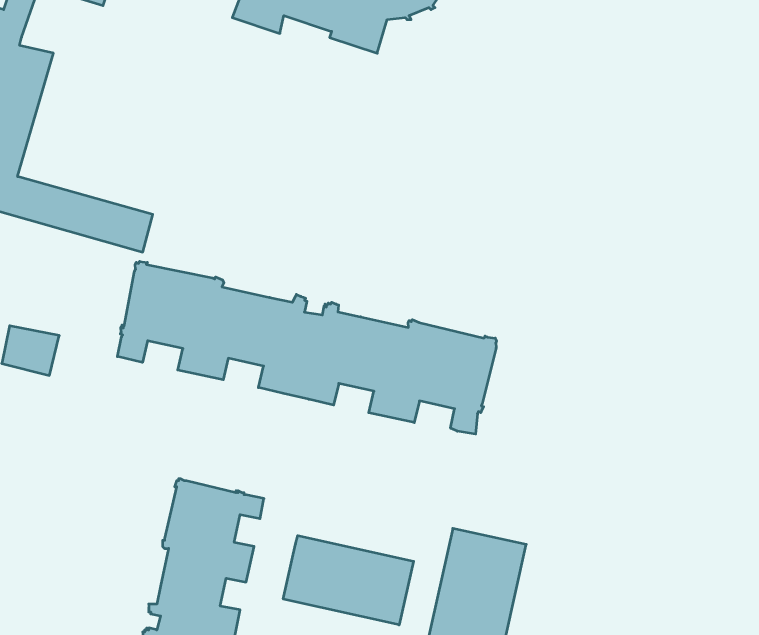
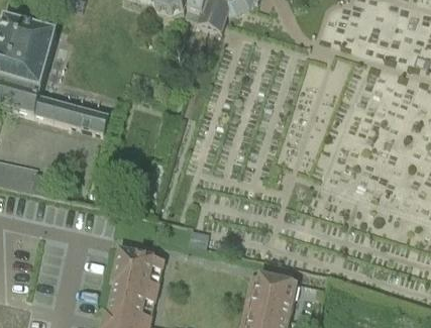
building: [117,261,497,434] -> none
building: [283,536,414,625] -> none

